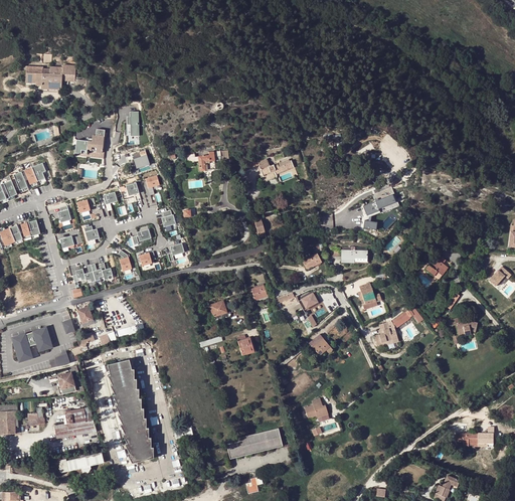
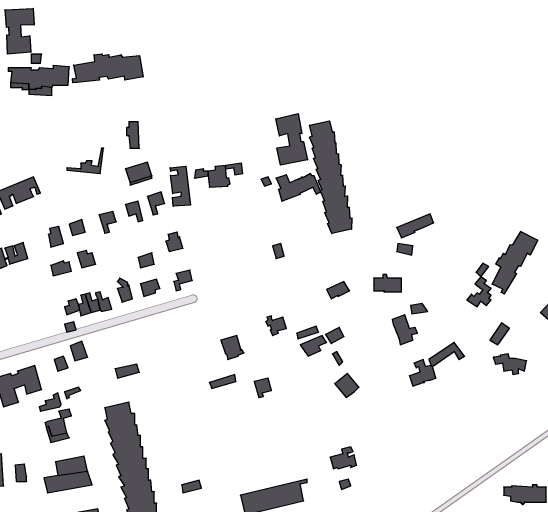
building: none -> [5,8,34,54]
building: none -> [73,54,143,83]
building: none -> [276,114,307,165]
building: none -> [310,121,352,234]
building: [74,129,108,155] -> none
building: none -> [170,166,190,206]
building: none -> [492,231,538,294]

